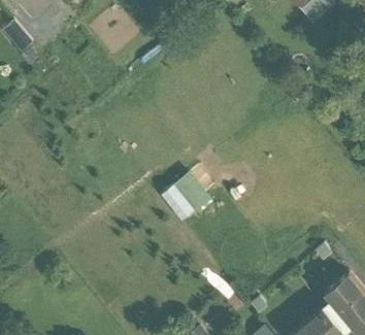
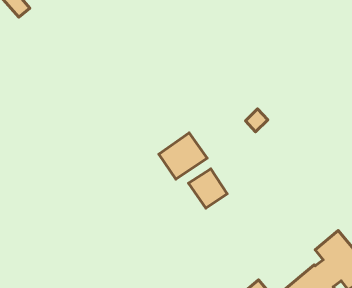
building: none -> [188,169,227,208]

